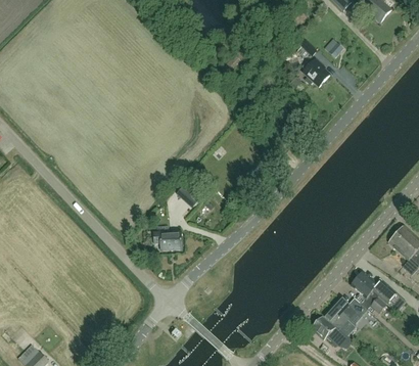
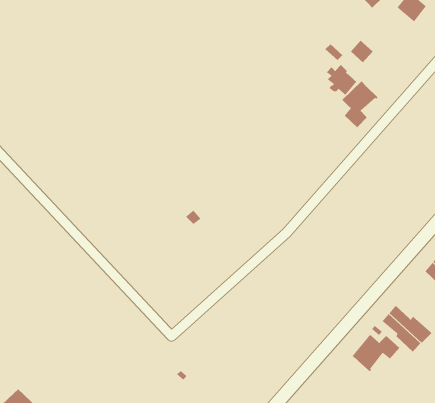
building: none -> [341,80,379,128]
building: [154,232,183,250] -> none
building: [312,316,346,345] -> none

